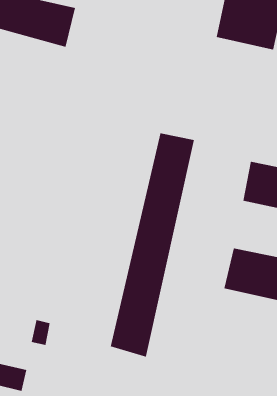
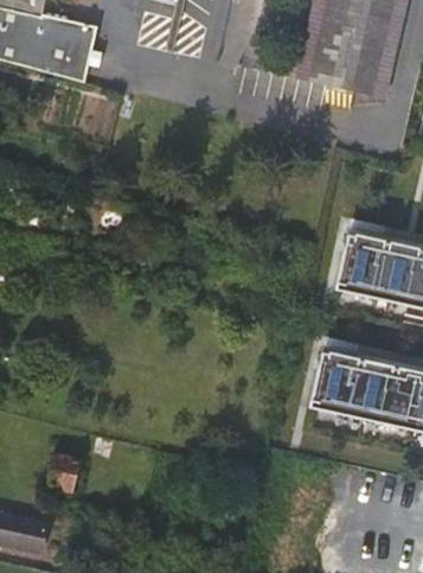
building: [110,132,194,357] -> none

